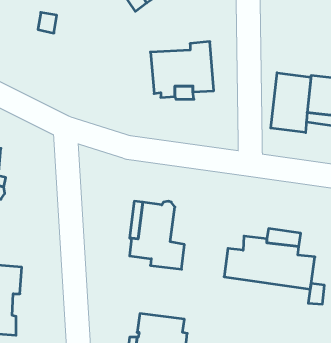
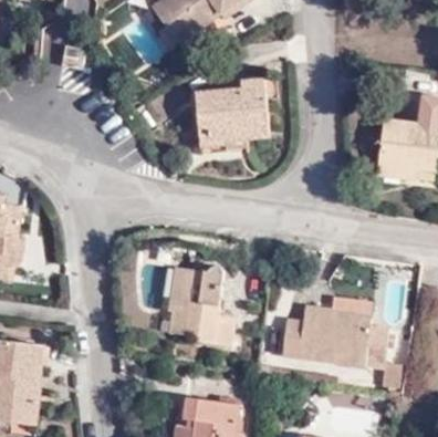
building: [271,73,311,133] -> none

